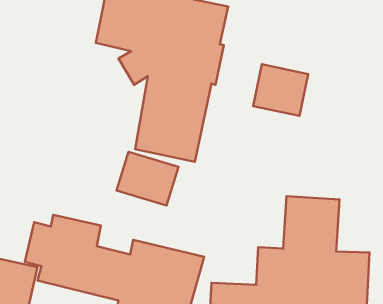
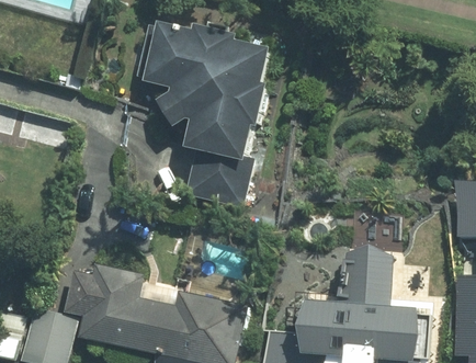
building: [253,64,308,116] -> none
building: [116,152,179,206] -> none

